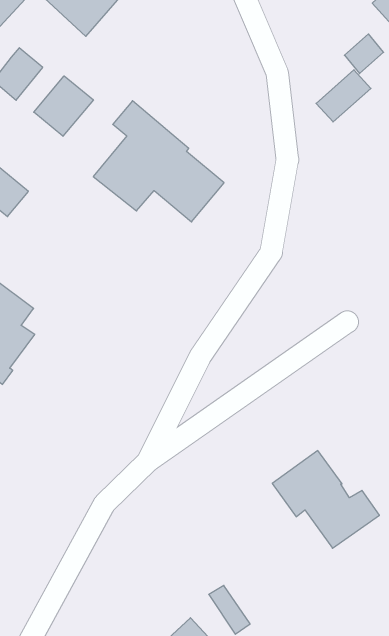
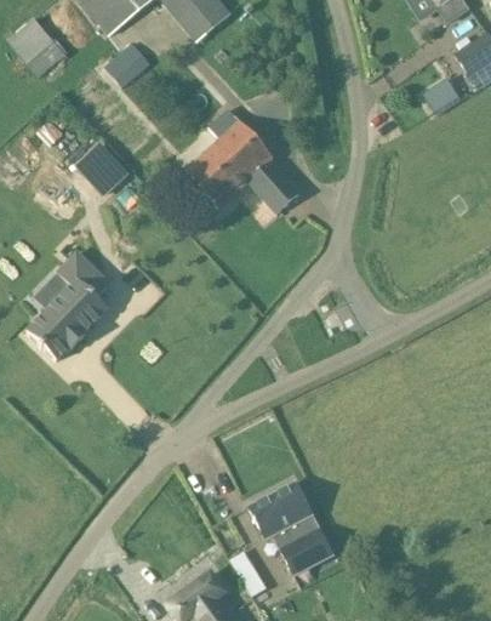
building: [316,70,371,122] -> none
building: [34,76,93,136] -> none
building: [272,451,379,548] -> [249,483,339,571]

